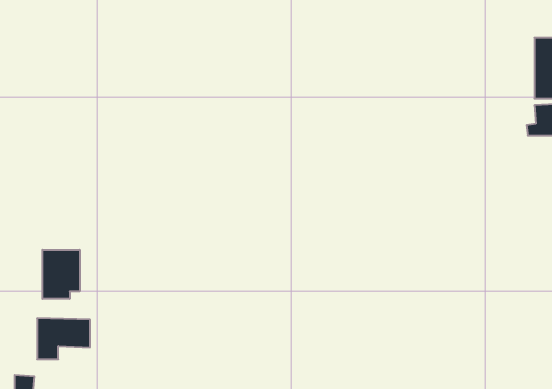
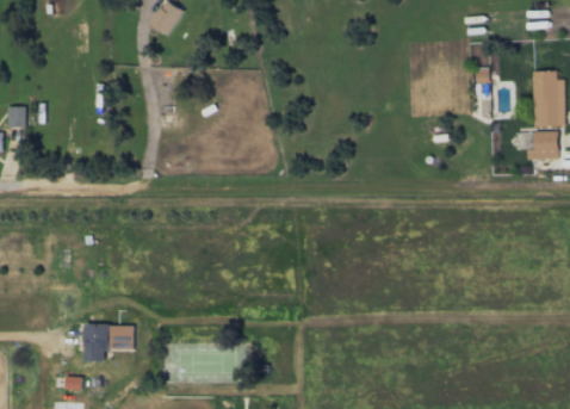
building: [42,250,80,299] -> none

